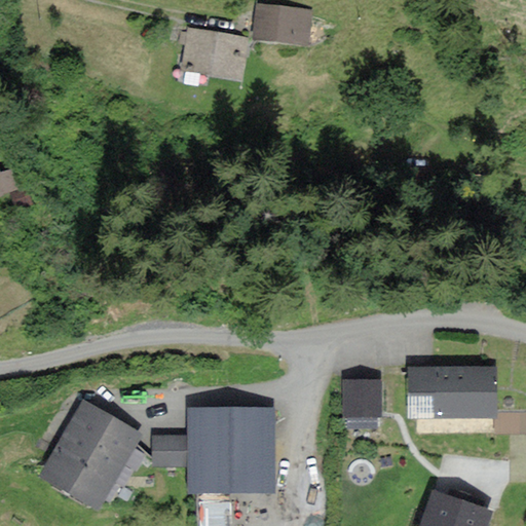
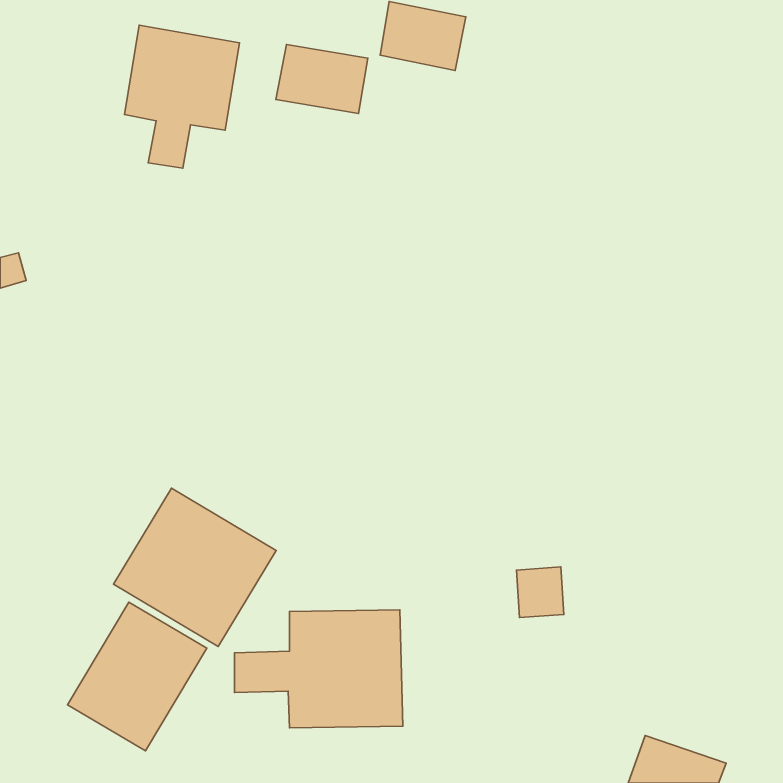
building: none -> [124,25,240,168]
building: none -> [113,488,276,647]
building: [413,369,493,414] -> none

